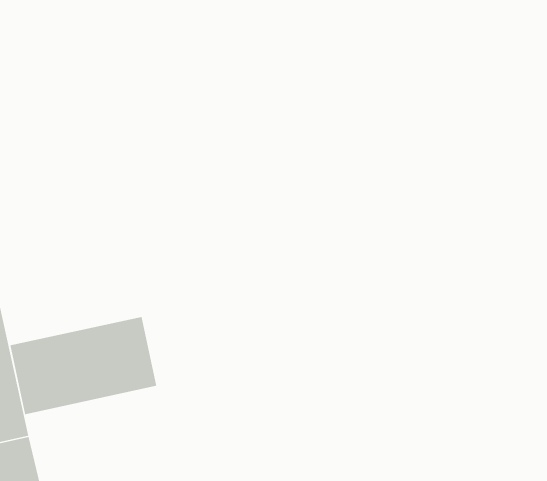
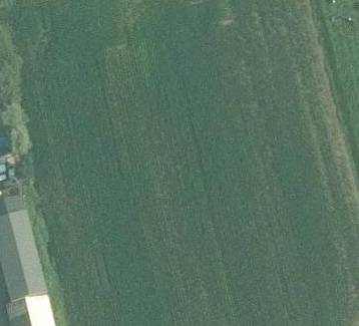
building: [9,316,157,415] -> none

